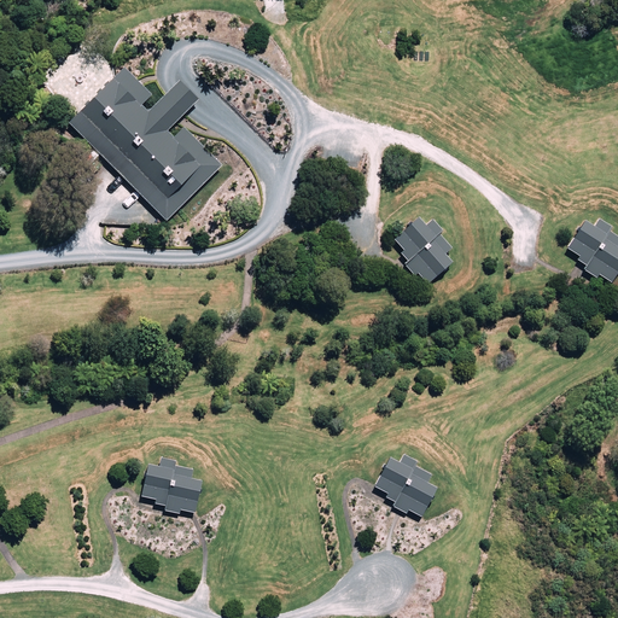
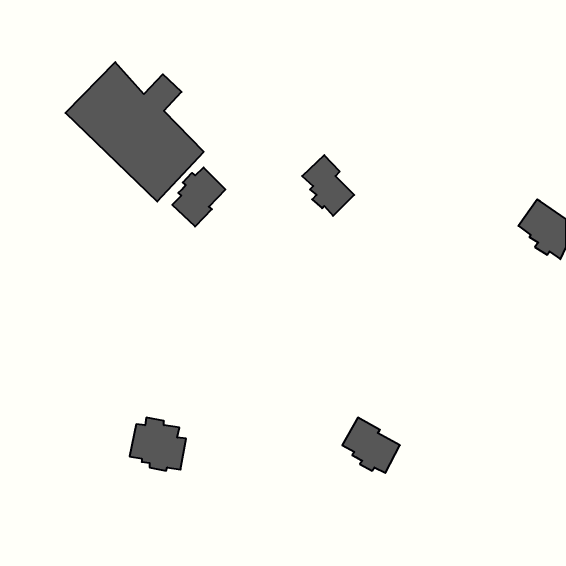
building: none -> [172,167,225,227]
building: [393,216,450,282] -> [302,155,354,216]

